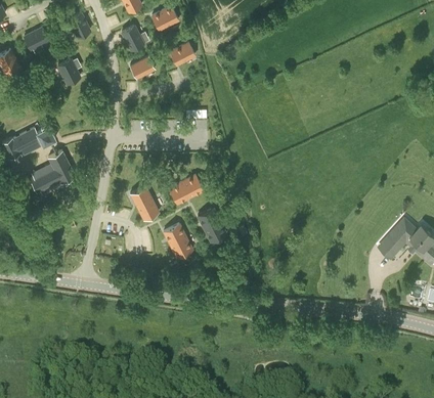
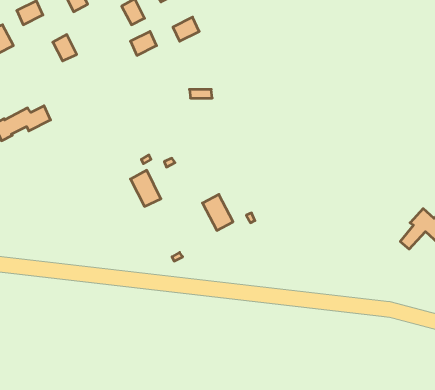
building: [30,150,75,192] -> none
building: [169,175,203,205] -> none
building: [163,224,192,258] -> none

